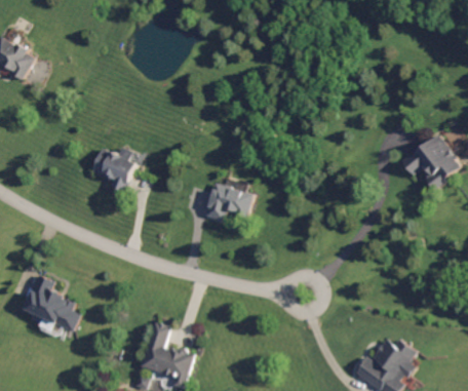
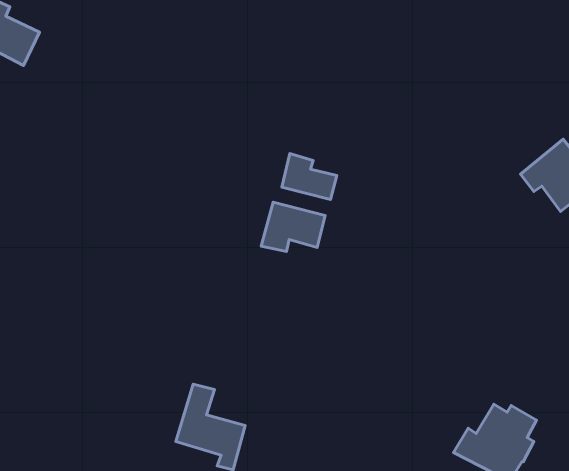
building: none -> [282,154,337,200]
building: [89,146,140,192] -> none
building: [22,275,78,329] -> none

